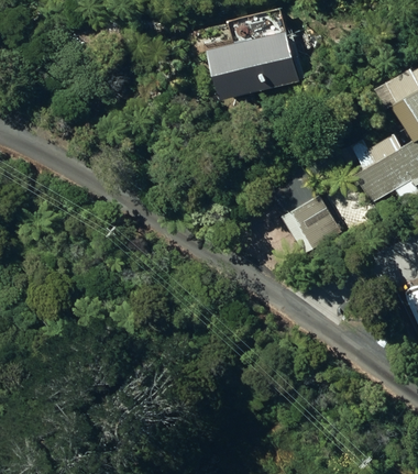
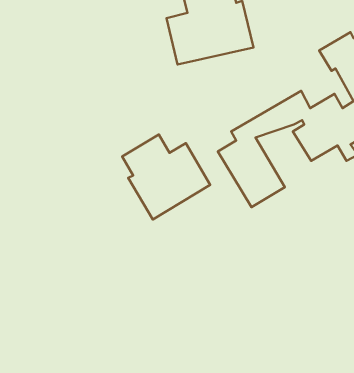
building: none -> [122,135,210,219]

